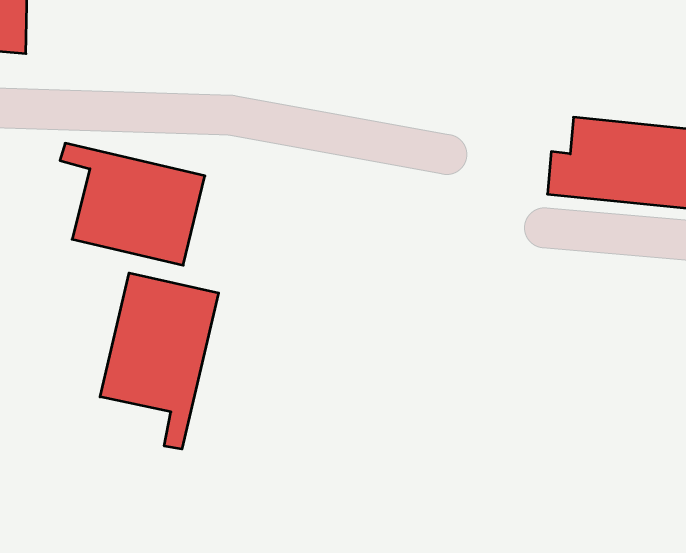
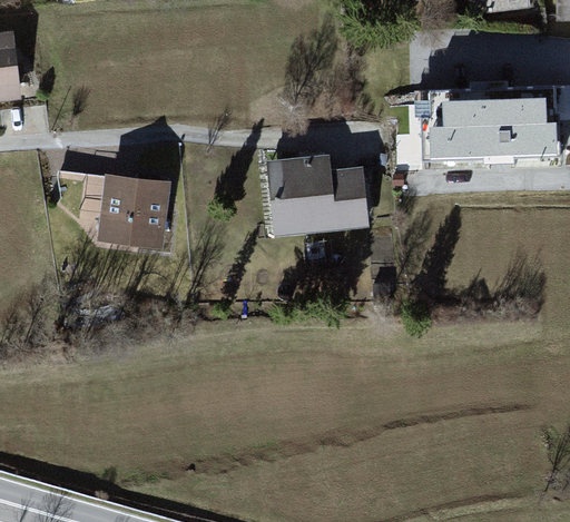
building: none -> [266,151,370,237]
building: [100,273,219,449] -> none

